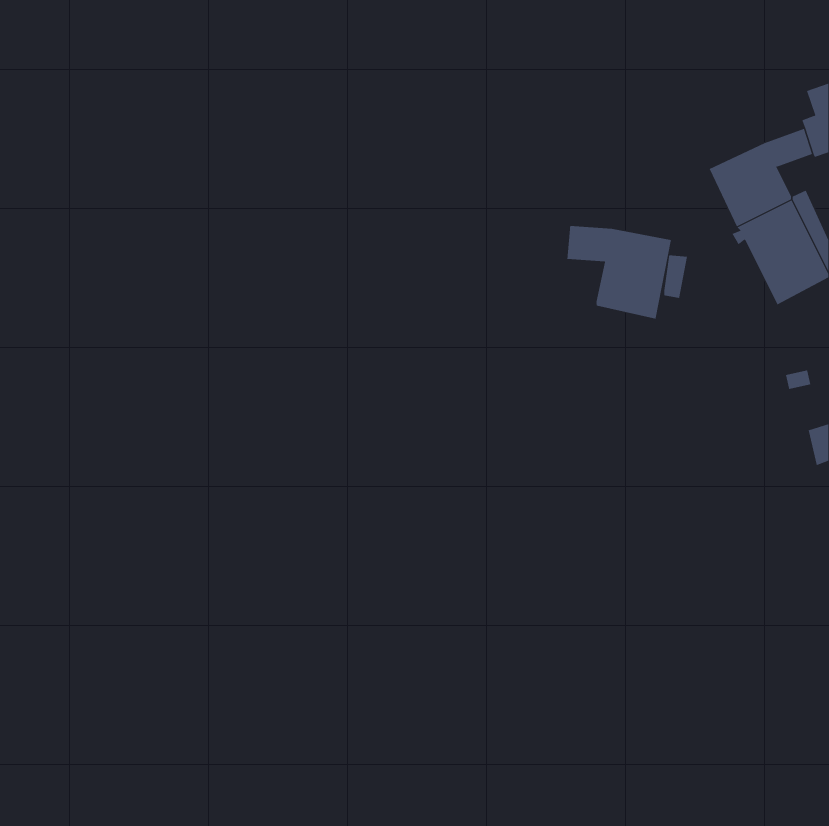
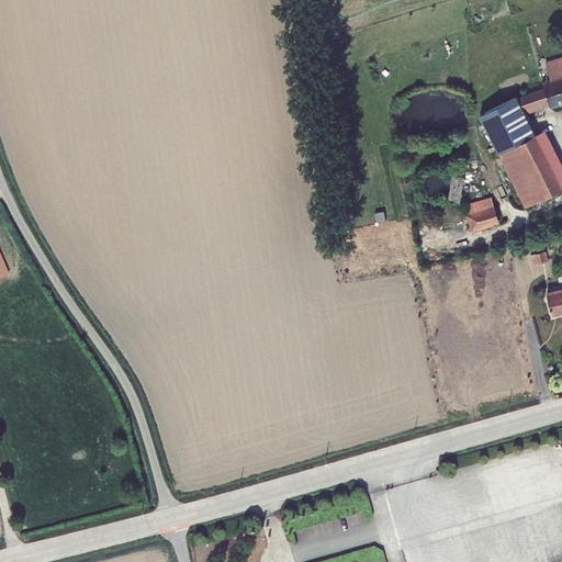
building: [567,225,671,320] -> none
building: none -> [464,200,499,234]

